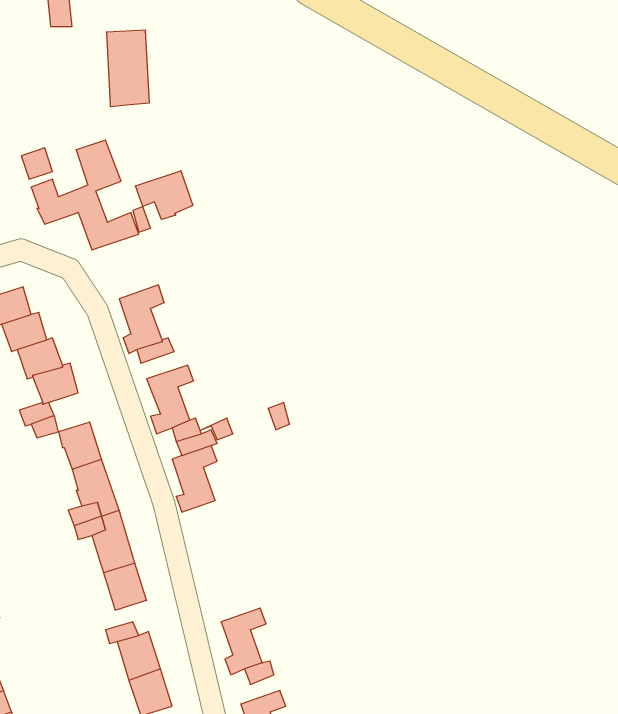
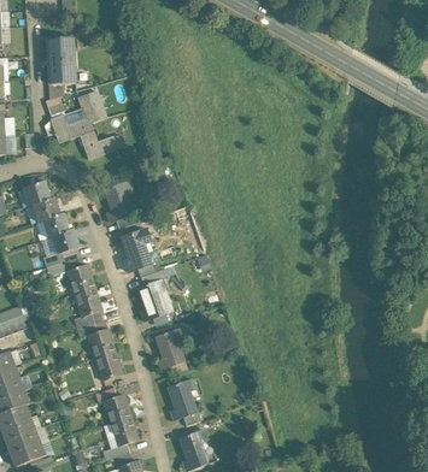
building: [106,30,149,107] -> [48,39,75,85]
building: [136,171,193,219] -> none
building: none -> [154,328,182,370]

